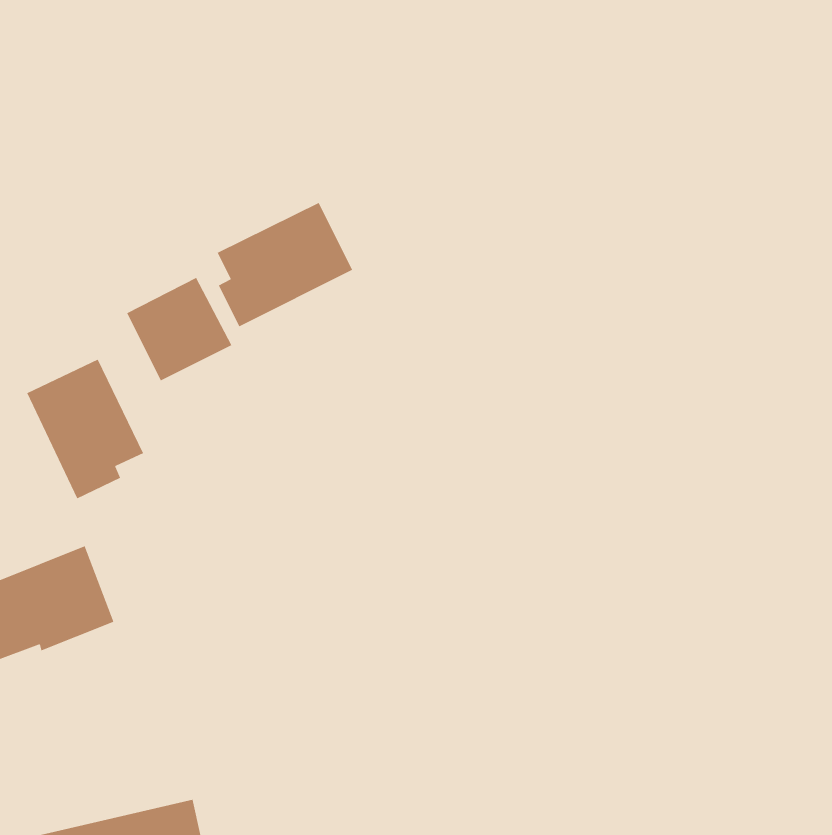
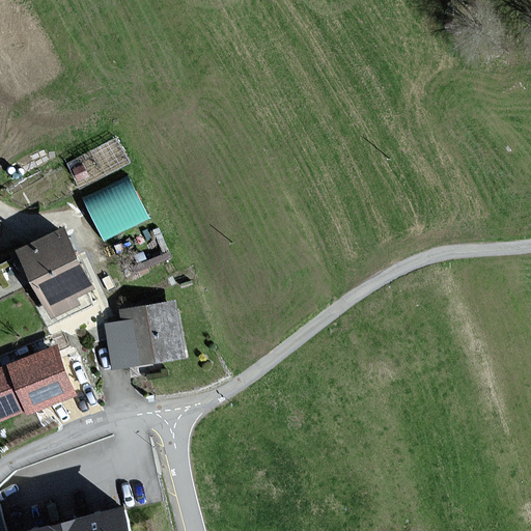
building: [216,202,353,327] -> none
building: none -> [105,303,181,369]

